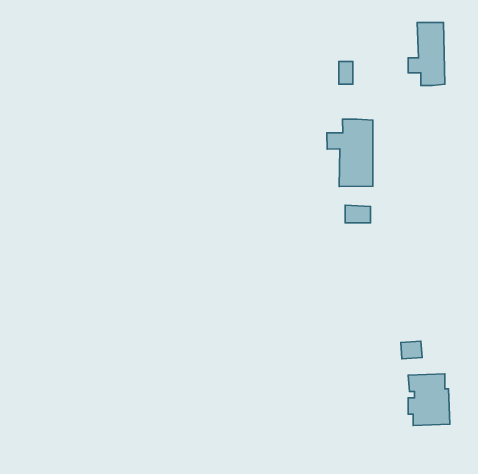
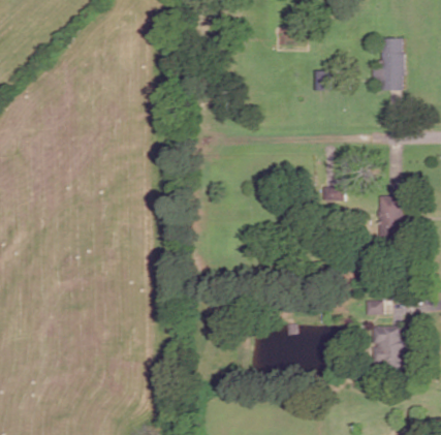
building: [327,119,373,187] -> none
building: none -> [379,195,402,228]

